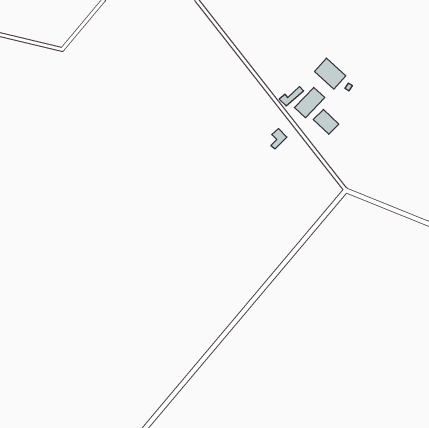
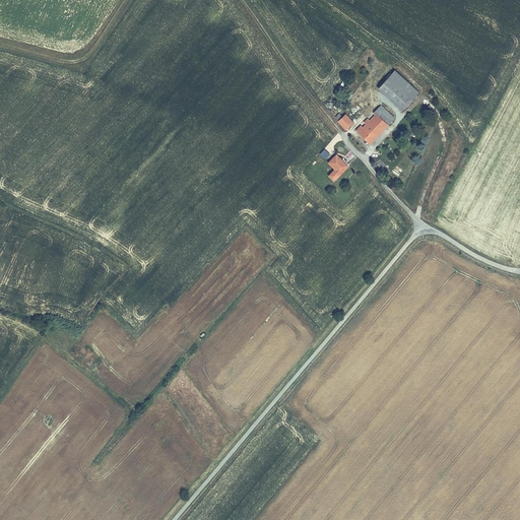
building: [313,109,339,134] -> none

